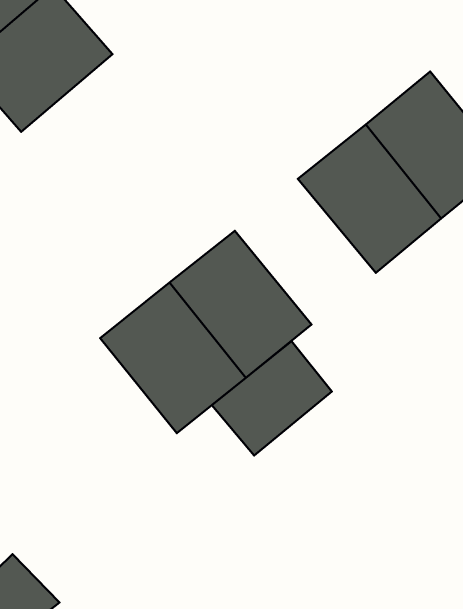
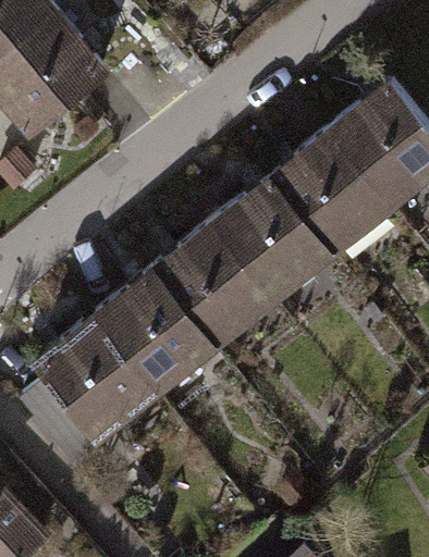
building: none -> [212,174,336,302]
building: none -> [30,314,161,448]
building: [212,341,332,456] -> none

